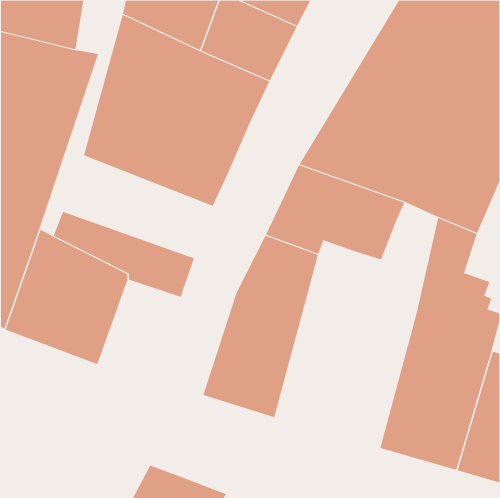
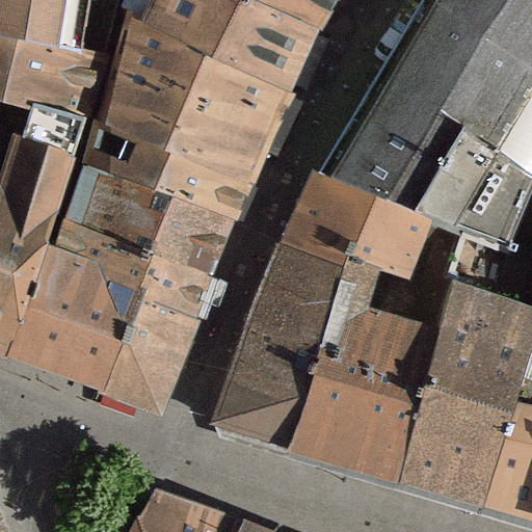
building: none -> [66,167,227,276]
building: none -> [292,217,464,478]
building: none -> [104,299,192,408]

